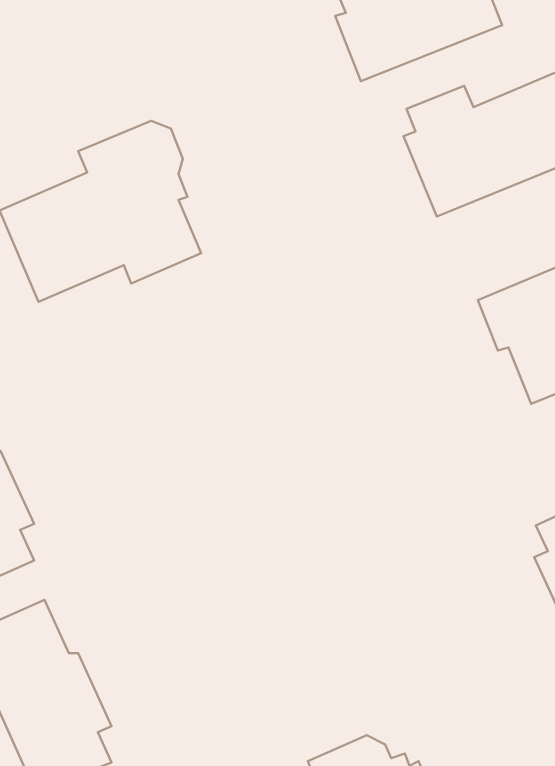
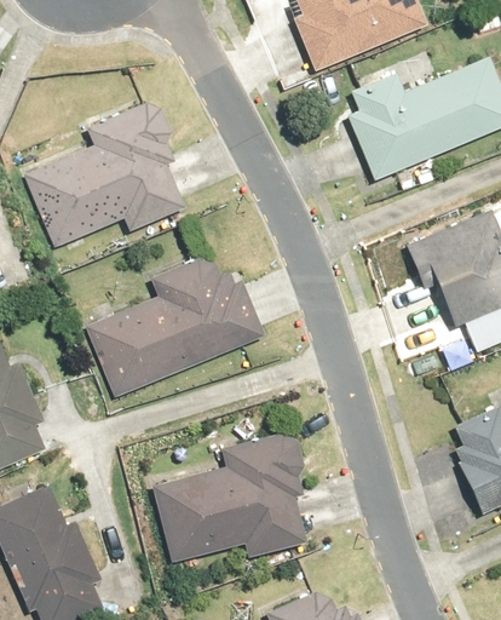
building: none -> [85,260,265,400]
building: none -> [154,431,307,561]

